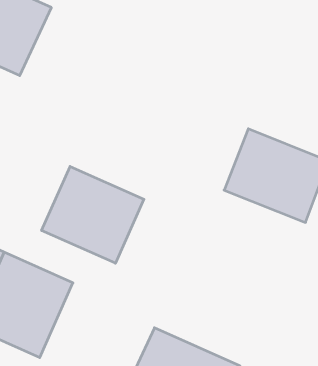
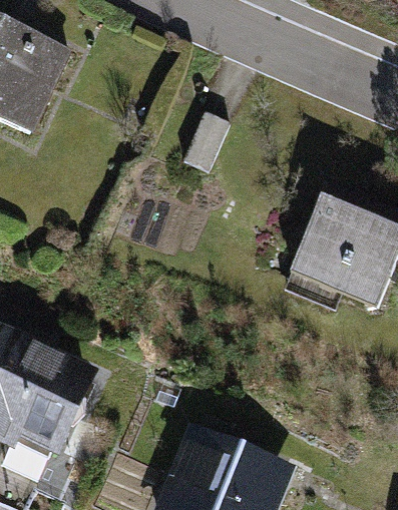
building: [42,166,144,263] -> none

